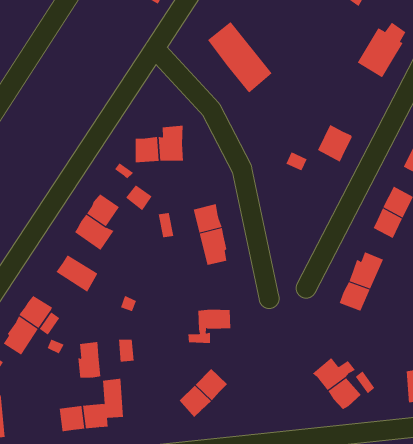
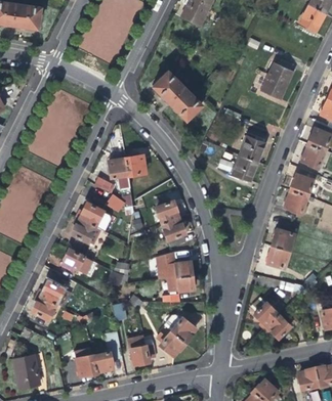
building: none -> [233,154,257,180]
building: none -> [158,251,191,278]
building: [78,342,101,378] -> [130,336,149,363]

